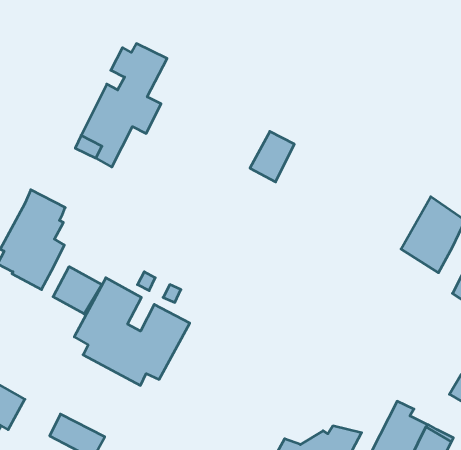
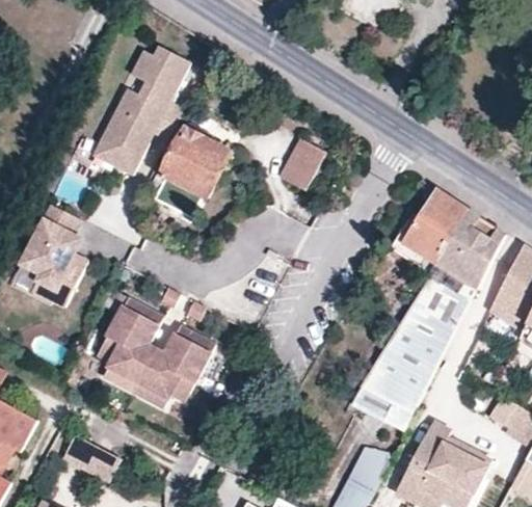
building: none -> [152,122,233,217]
building: none -> [402,188,468,263]
building: none -> [350,273,471,431]
building: [53,267,102,314] -> none

